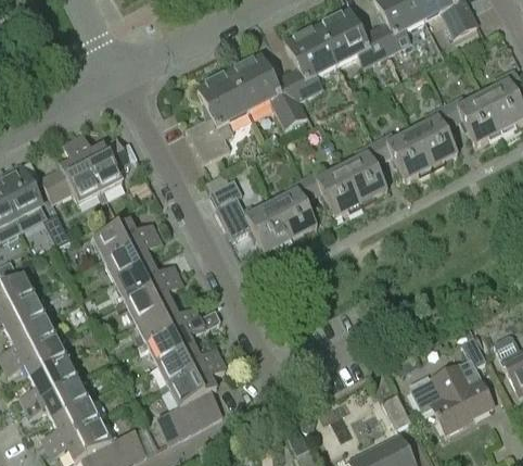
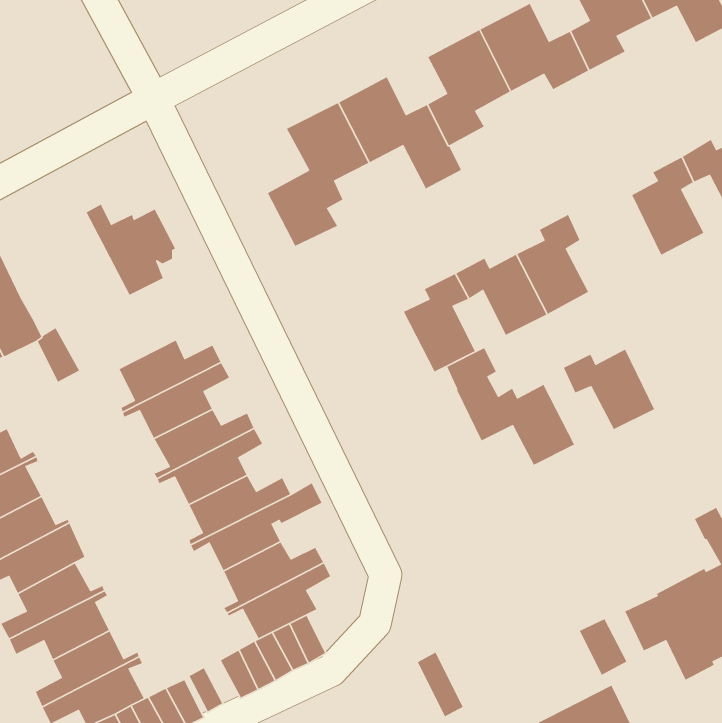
building: [373,129,431,180] -> [563,348,655,430]
building: [38,140,100,203] -> none
building: [209,179,290,253] -> [446,347,575,466]

